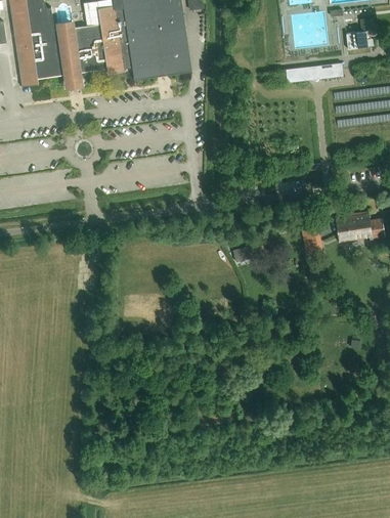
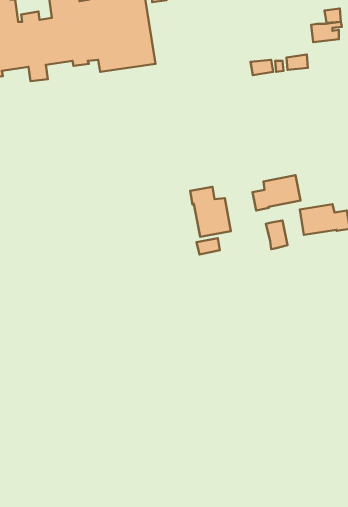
building: none -> [253,175,300,211]
building: none -> [190,187,231,237]

